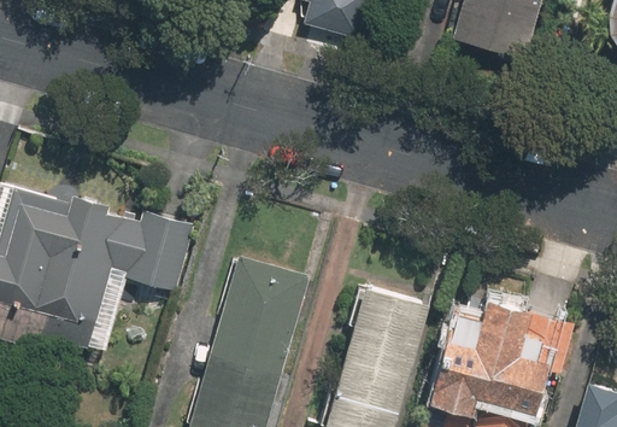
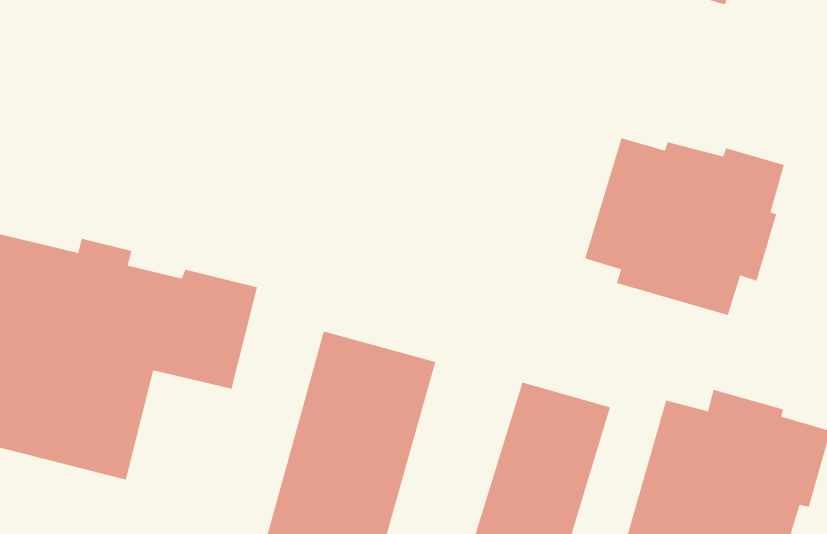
building: none -> [585,137,785,316]

